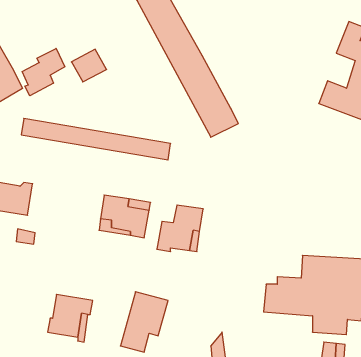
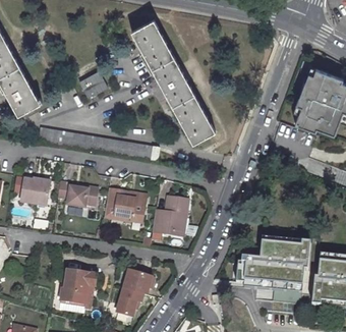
building: [22,48,65,96] -> none
building: none -> [54,181,95,207]

